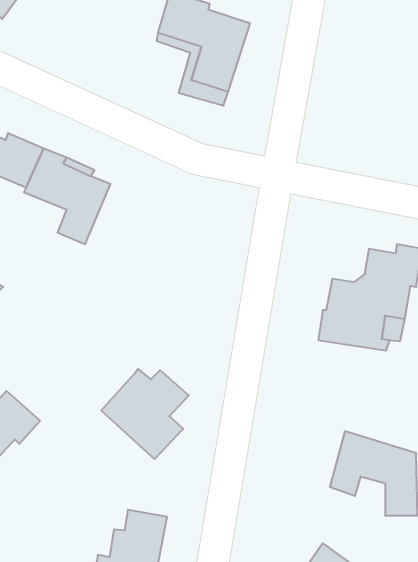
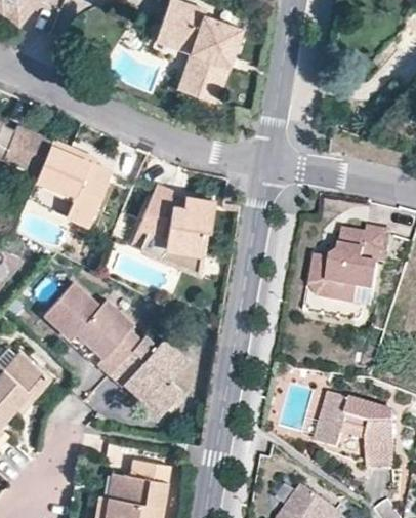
building: none -> [141,182,213,255]
building: none -> [41,280,136,371]

